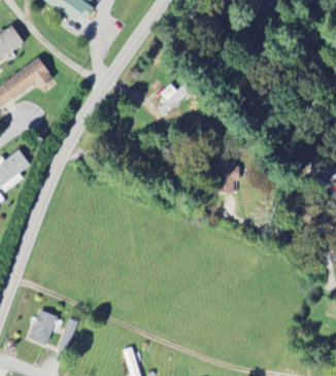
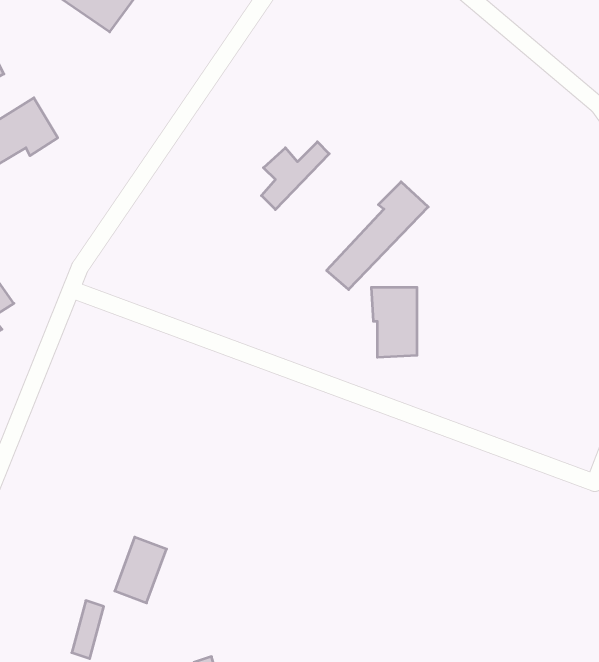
building: none -> [327,182,428,290]
building: [30,310,57,344] -> [115,537,167,603]

